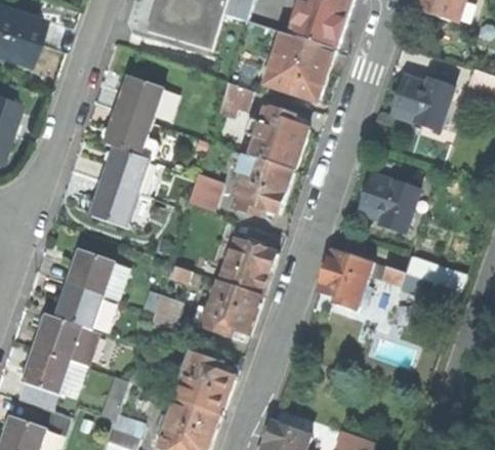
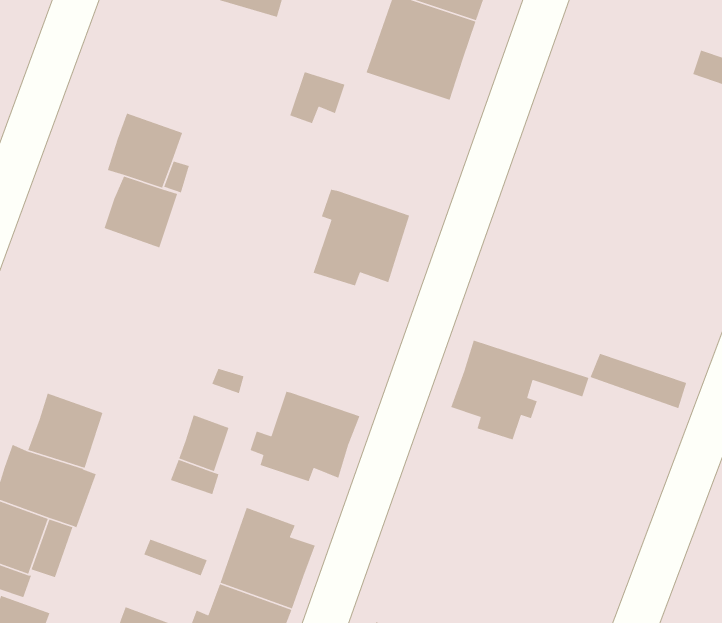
building: [117,75,163,120] -> none
building: [393,79,451,128] -> none
building: [243,108,306,171] -> none
building: [187,173,221,211] -> none
building: [360,175,417,230] -> none
building: [90,179,137,227] -> none
building: [219,238,276,295] -> none
building: [68,248,128,298] -> none

